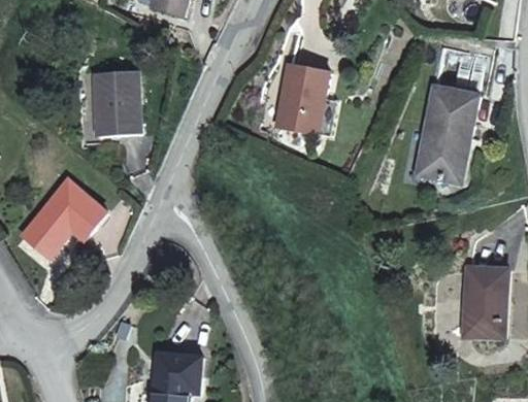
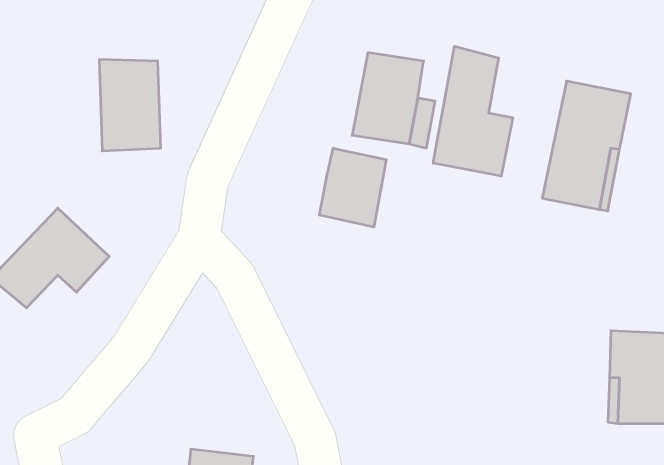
building: none -> [433,46,513,176]
building: none -> [319,148,386,227]

